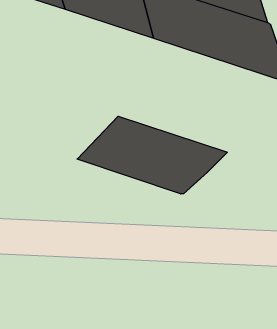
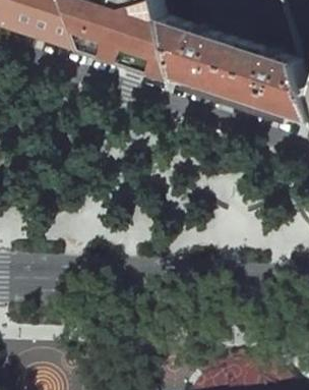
building: [77,116,227,194] -> none

